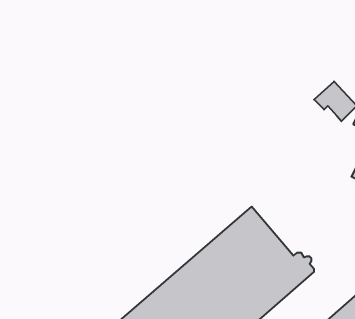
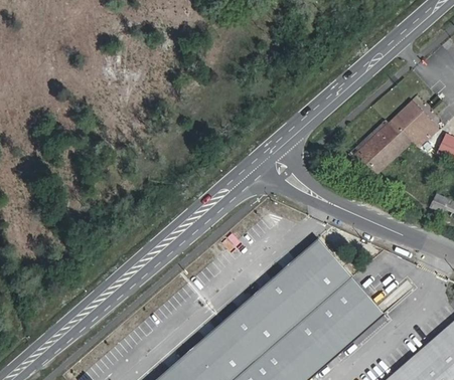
building: none -> [348,118,413,176]

